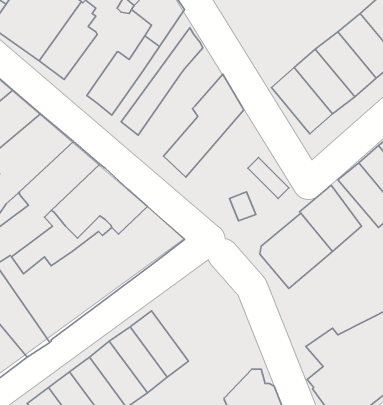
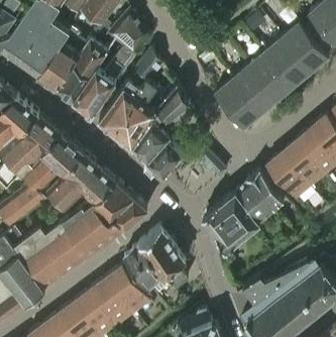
building: none -> [57,36,109,99]
building: none -> [113,79,163,145]
building: none -> [149,139,183,177]
building: none -> [125,225,190,290]

